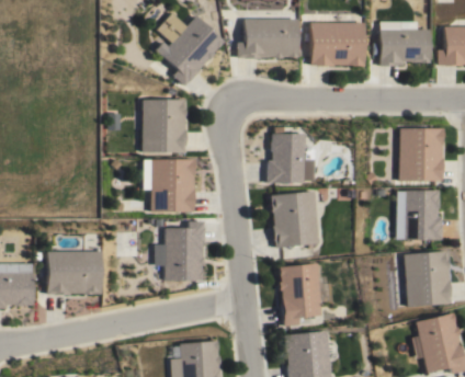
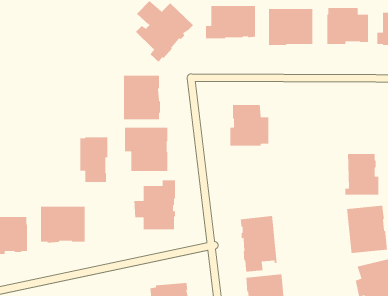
building: [400,128,443,182] -> none
building: none -> [79,136,108,183]
building: [271,191,319,249] -> none

